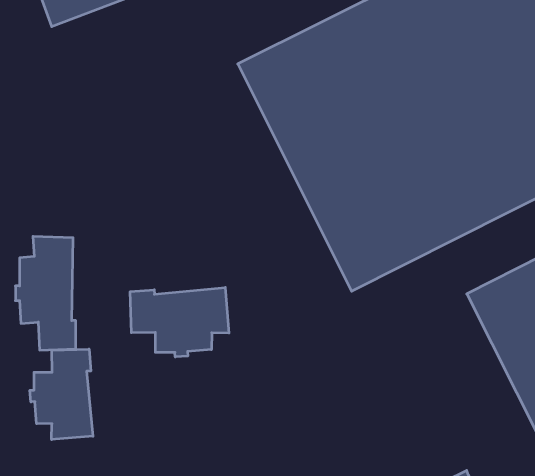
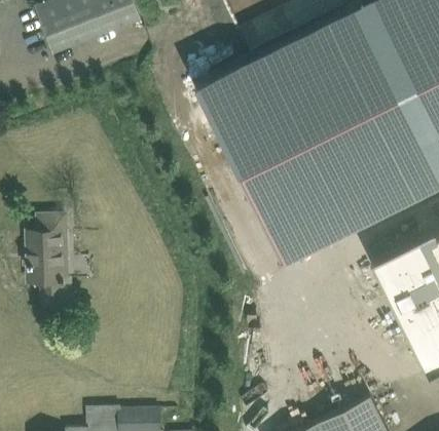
building: [130,287,229,357] -> none
building: [30,349,93,440] -> none

